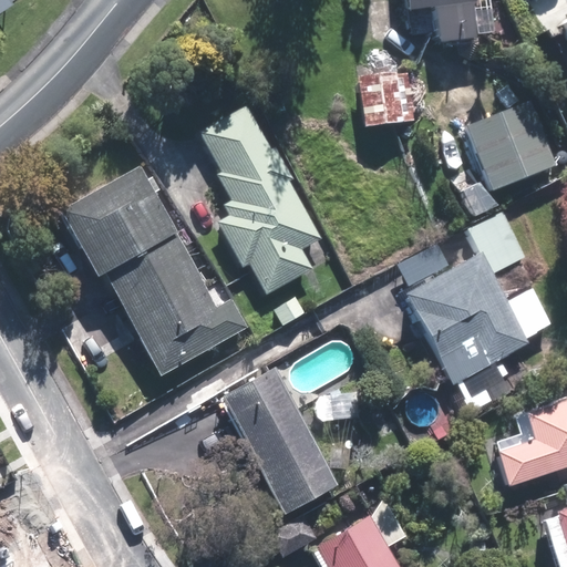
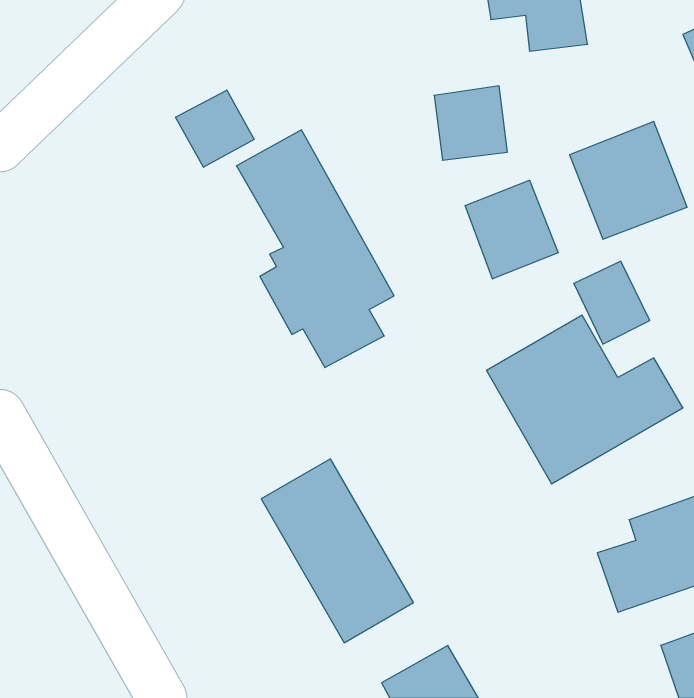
building: none -> [176,90,254,167]
building: none -> [465,180,558,279]
building: [55,167,250,378] -> none

